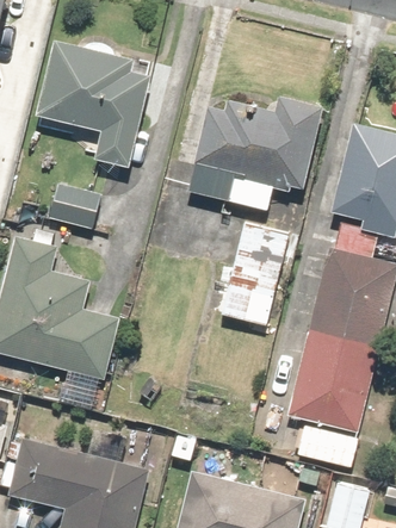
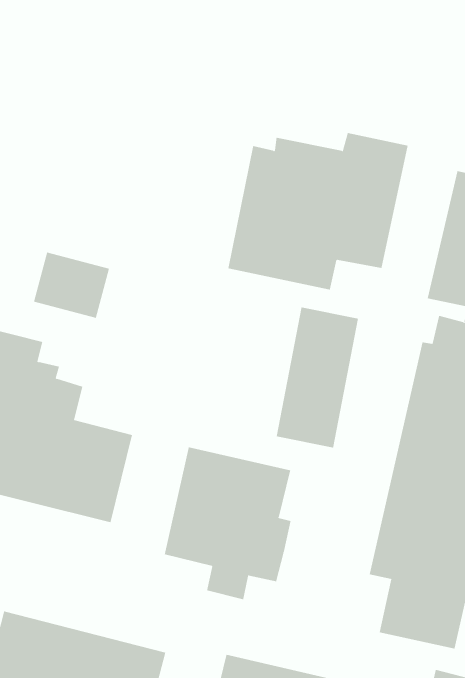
building: [38,44,149,172] -> none
building: none -> [164,446,291,600]

